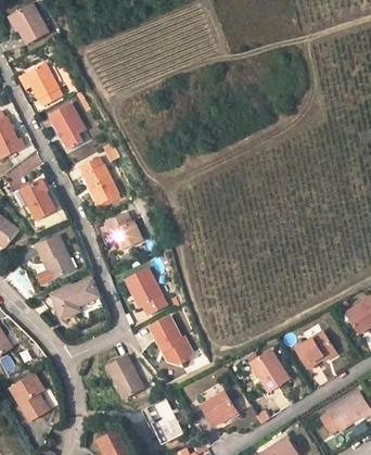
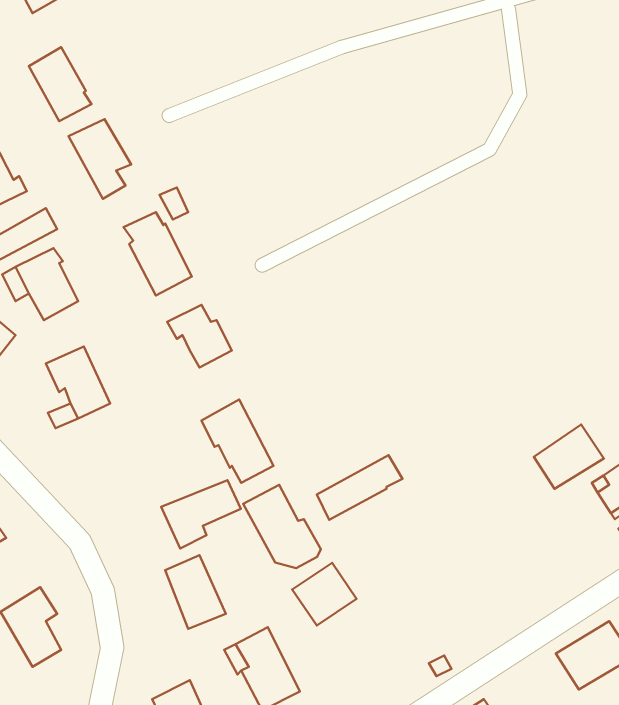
building: [50,277,95,316] -> [161,480,241,549]
building: none -> [317,455,402,520]
building: [294,329,334,366] -> [534,424,604,489]
building: [248,347,286,389] -> none
building: [199,389,235,425] -> [292,563,357,625]

